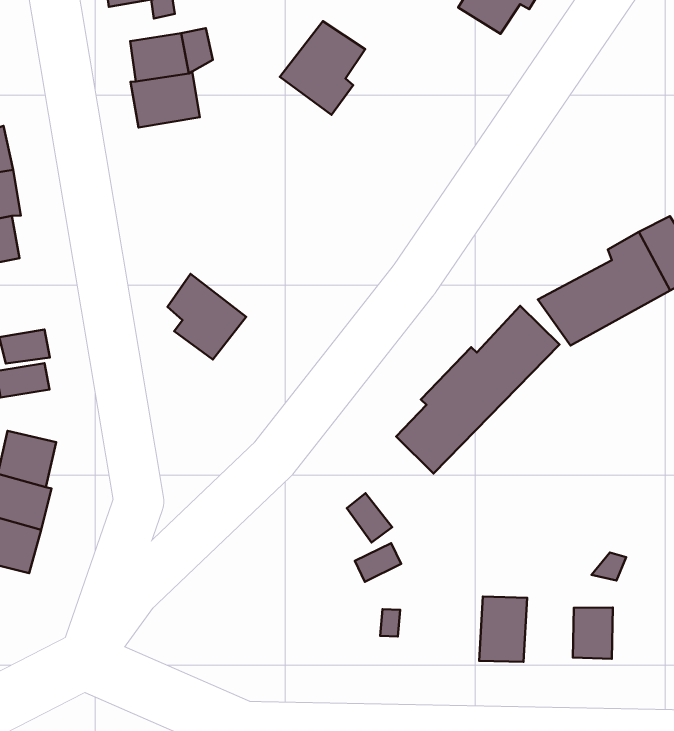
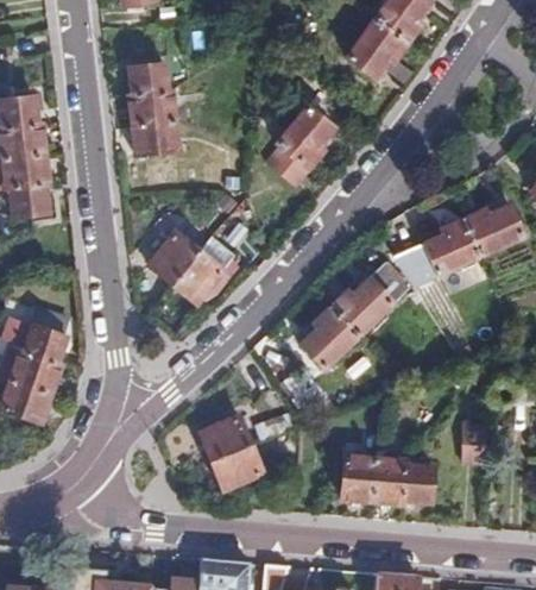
building: [280,21,365,115] -> [276,108,334,171]
building: none -> [132,123,177,157]
building: none -> [174,244,239,310]
building: none -> [201,415,265,491]
building: none -> [371,457,406,502]

